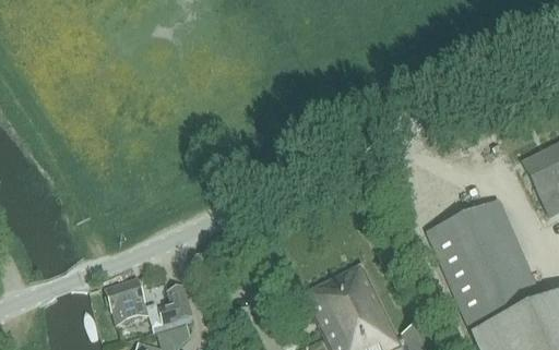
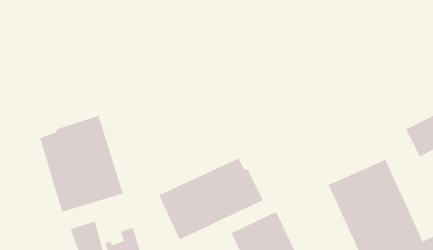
building: none -> [39,115,124,213]
building: none -> [158,157,264,241]

